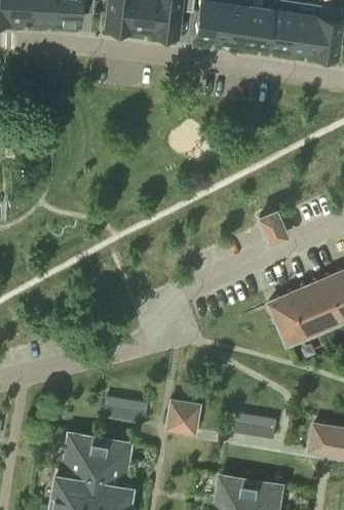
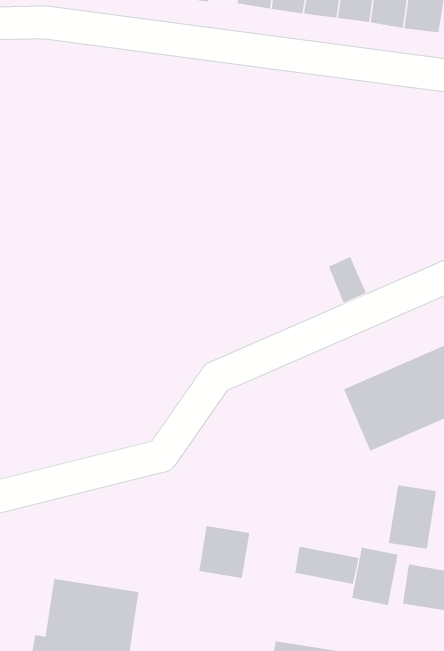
building: none -> [388,485,437,549]
building: [110,396,150,422] -> none
building: none -> [352,547,398,606]

